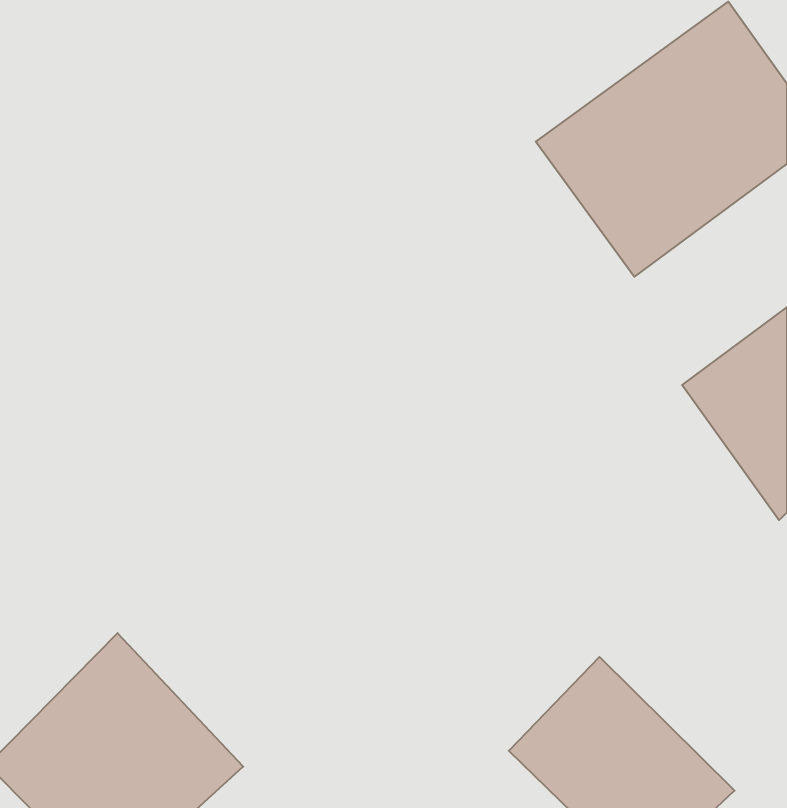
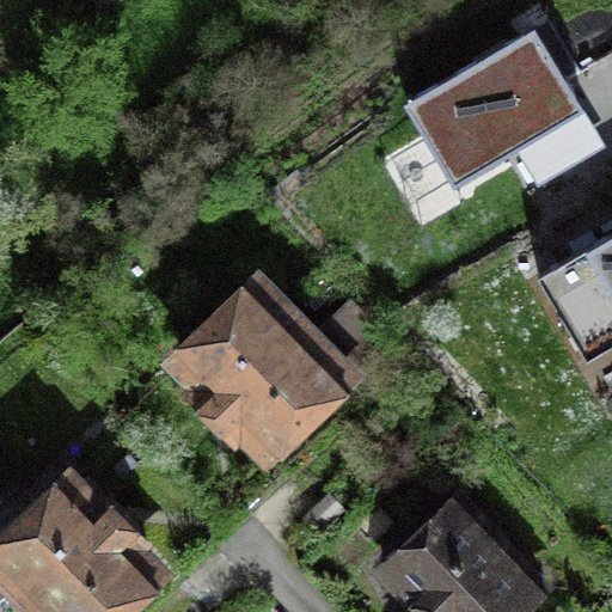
building: none -> [182,283,382,479]

